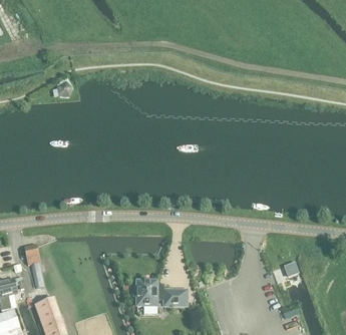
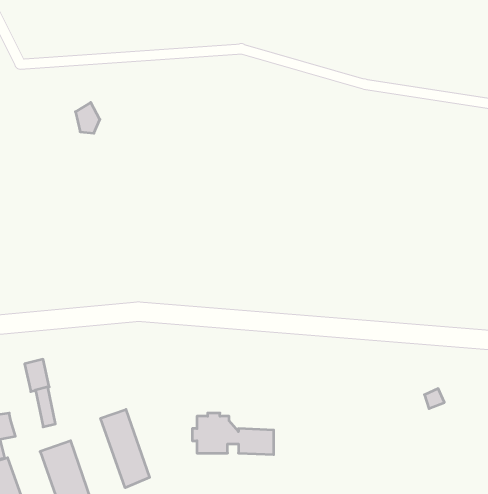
building: none -> [101,409,150,488]

